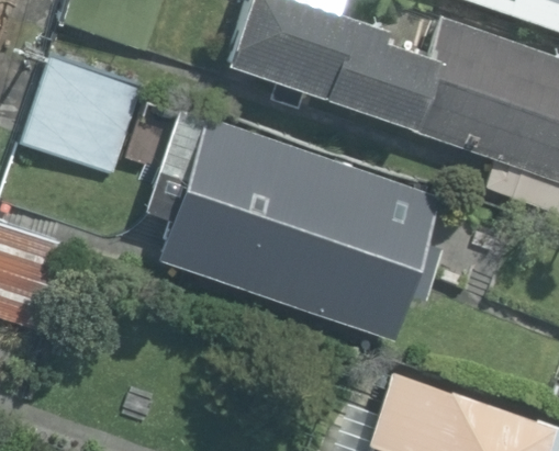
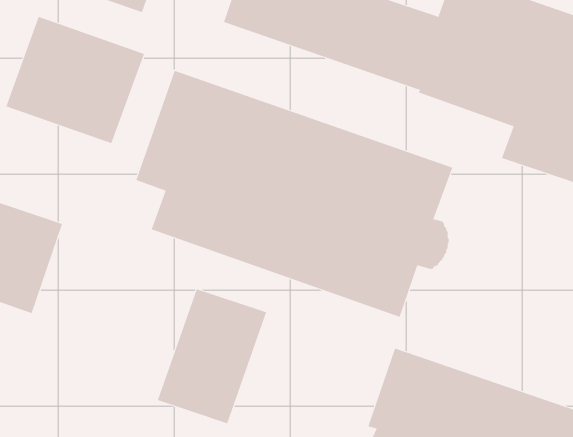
building: none -> [157,288,267,424]

